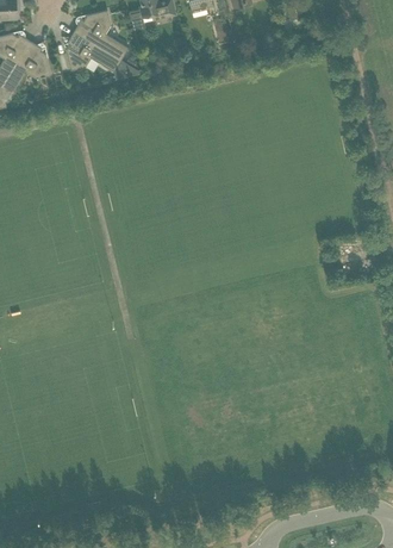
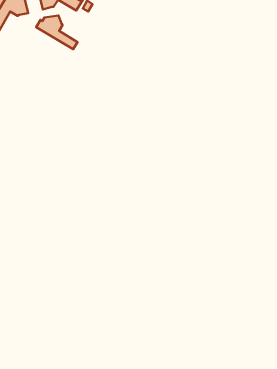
building: none -> [36,16,78,49]

